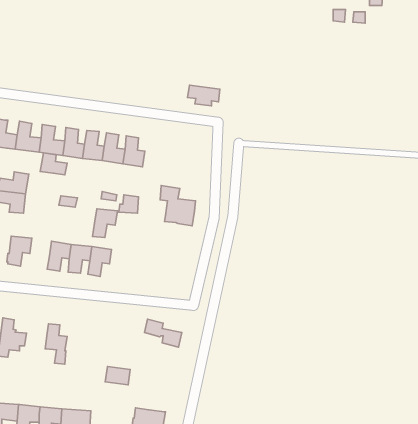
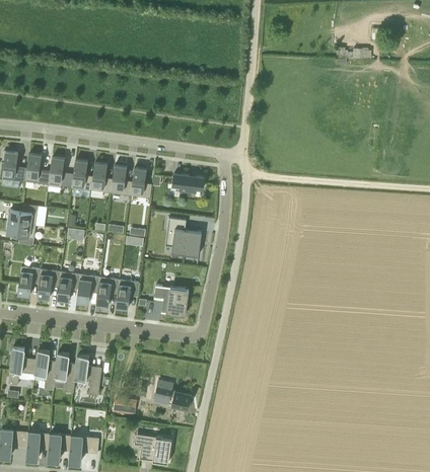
building: [188,85,220,106] -> [171,173,203,193]
building: [40,153,67,175] -> none
building: [93,209,117,238] -> [115,280,139,308]
building: none -> [37,268,60,298]
building: none -> [158,286,188,315]
building: [144,319,182,347] -> [153,381,190,408]
building: none -> [33,349,56,390]
building: none -> [73,355,101,395]

